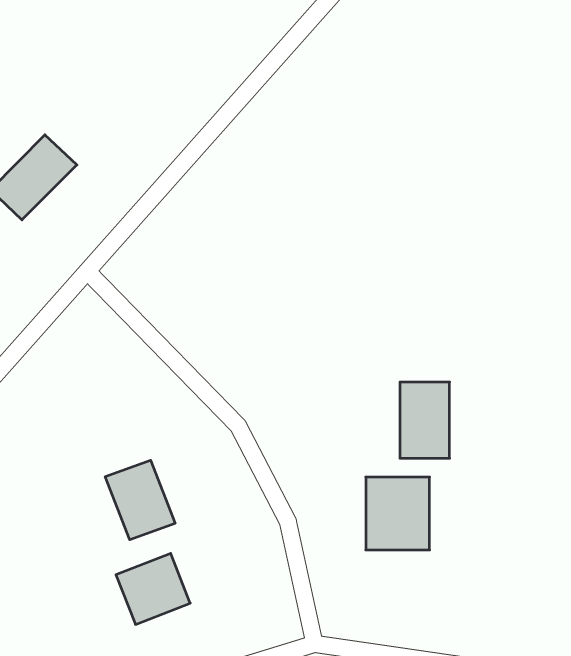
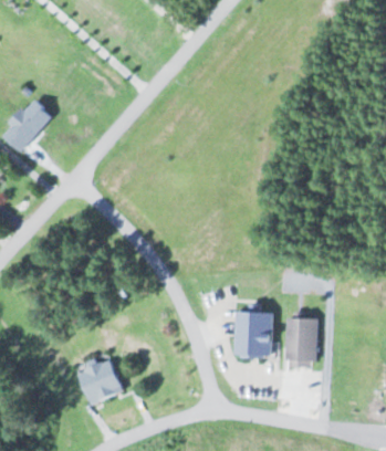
building: [400,382,450,458] -> [284,318,315,366]
building: [105,460,175,540] -> none

